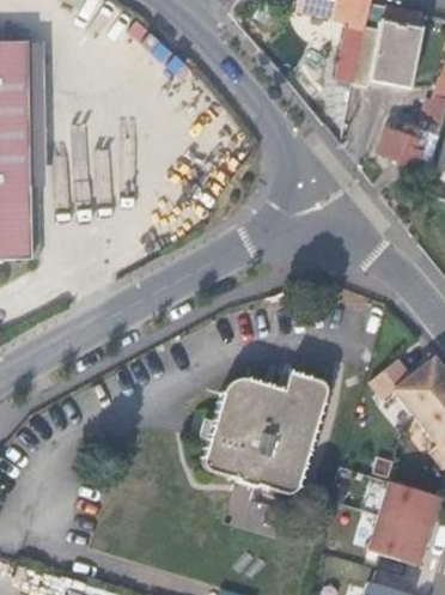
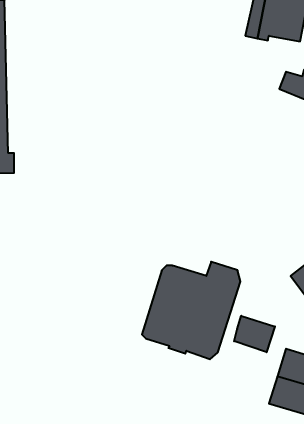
building: none -> [234,316,275,352]

